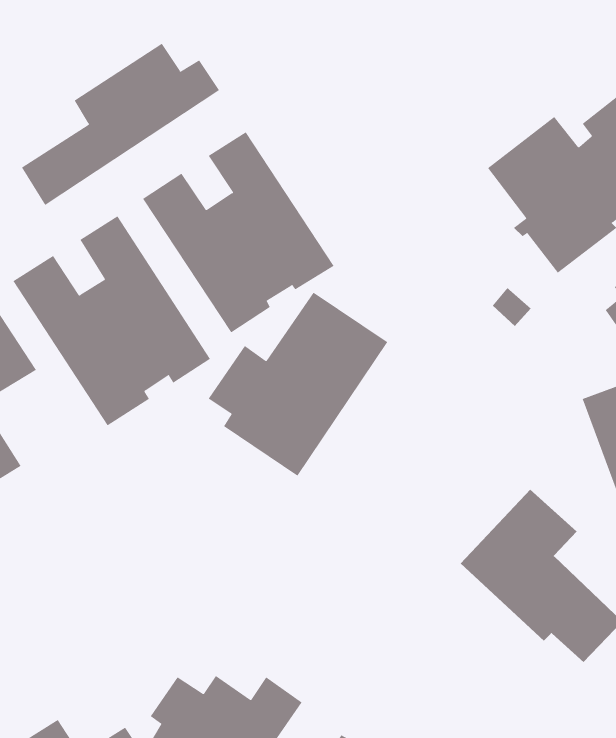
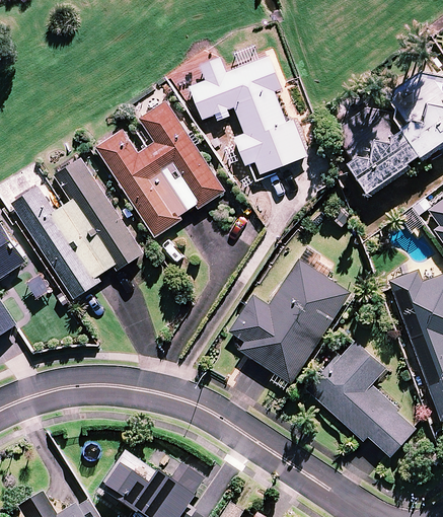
building: [21,43,220,206] -> none
building: none -> [190,55,306,173]
building: [208,292,388,476] -> [230,261,350,383]

